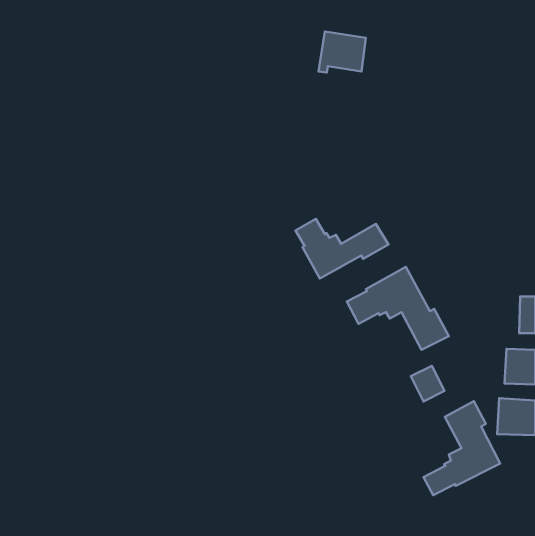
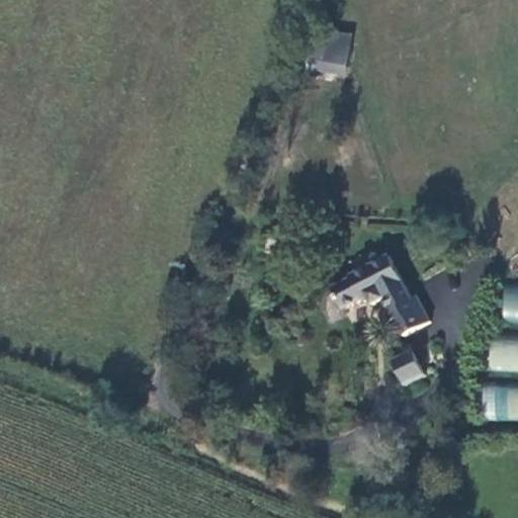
building: [295,219,389,279] -> none
building: [423,401,500,495] -> none

